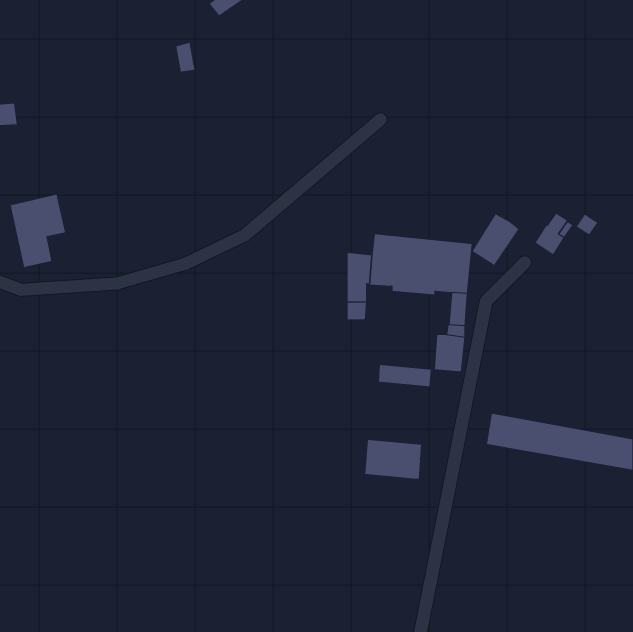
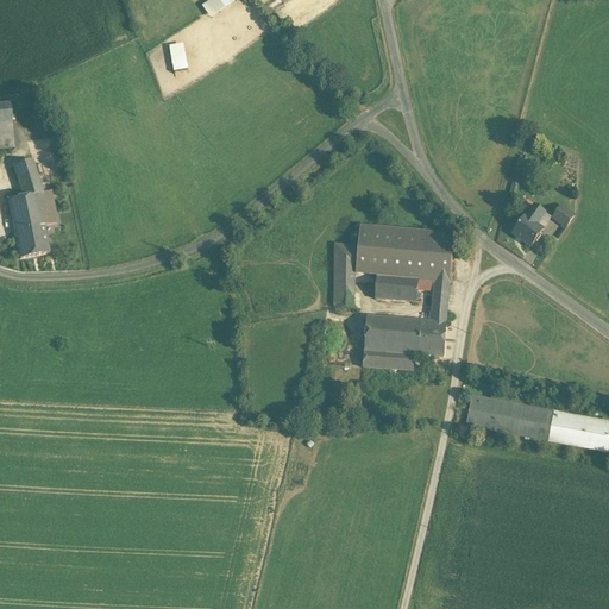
building: none -> [17,156,46,192]
building: [472,213,519,266] -> none
building: none -> [372,278,416,301]
building: [365,439,422,479] -> [363,315,417,353]

